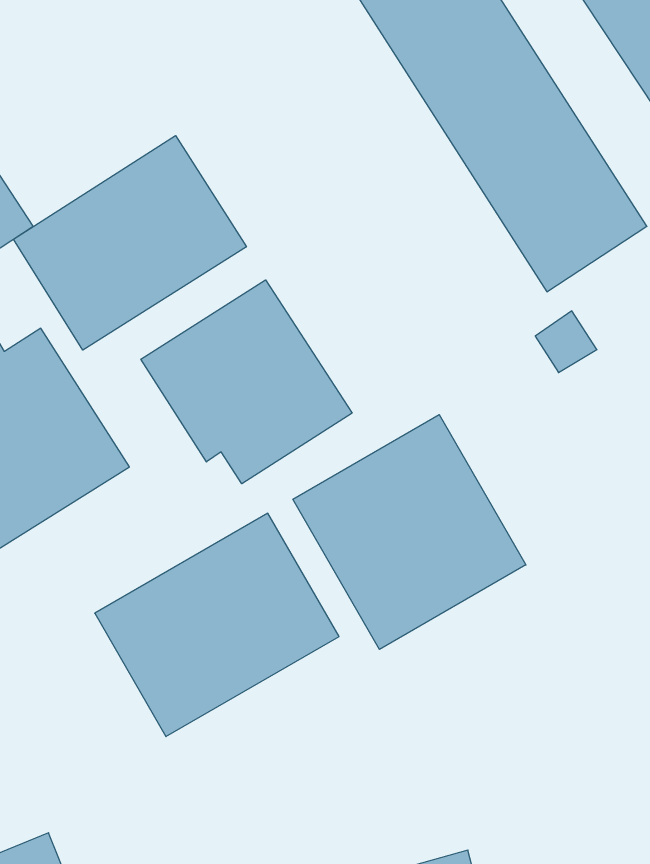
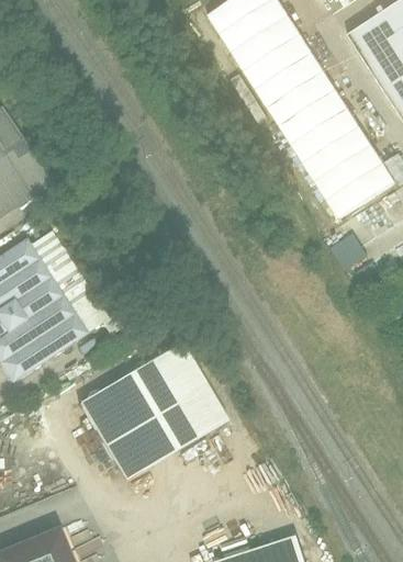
building: [14,136,246,350] -> none
building: [141,280,352,484] -> none
building: [293,415,526,649] -> none

